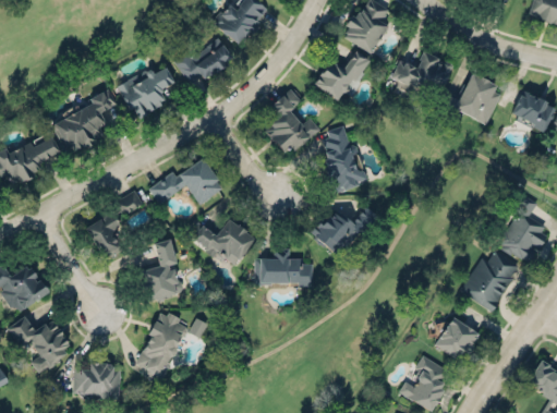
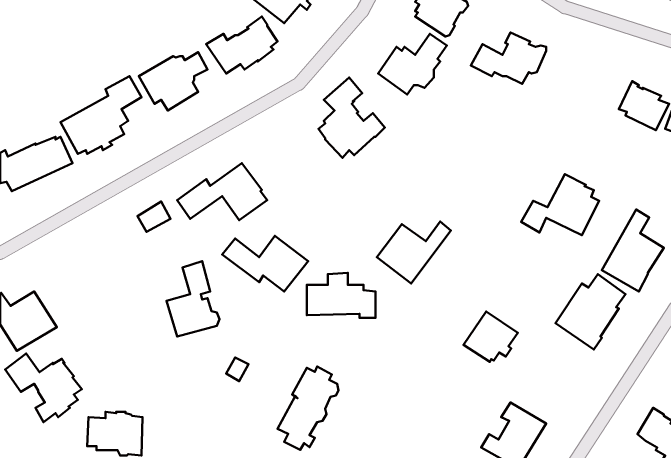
building: [436,73,500,123] -> [521,174,599,235]
building: [324,125,365,194] -> none
building: [86,210,122,259] -> none
building: [136,312,186,380] -> [278,367,338,450]
building: [434,317,479,359] -> [464,312,518,362]

